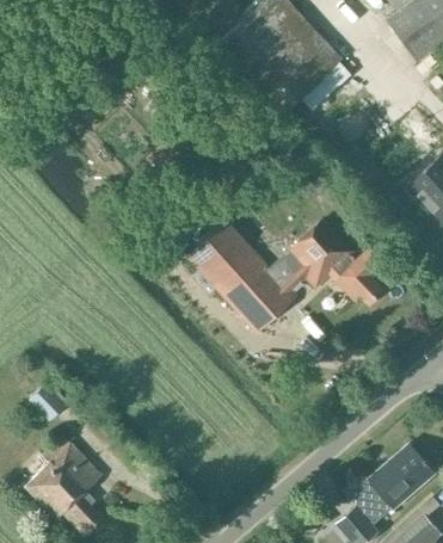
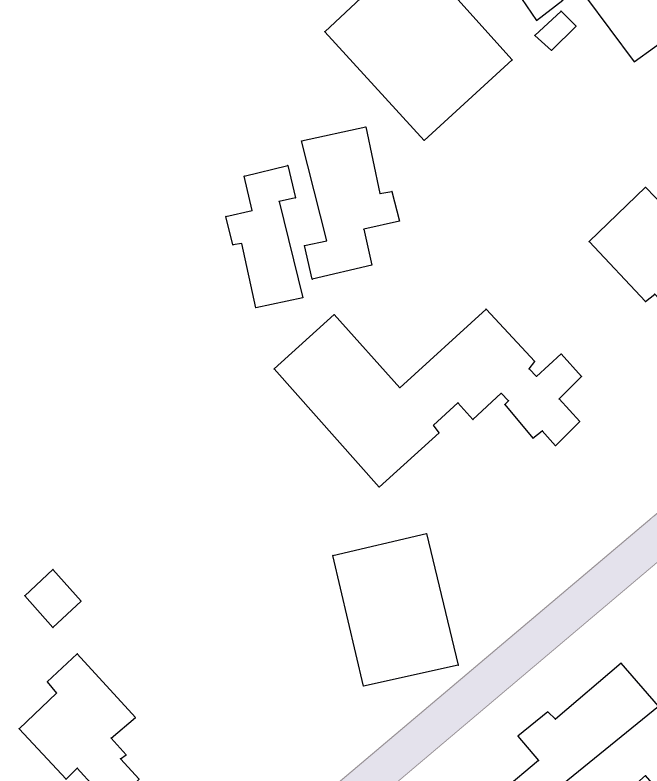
building: none -> [302,127,399,279]
building: none -> [226,165,303,308]
building: none -> [333,534,458,686]

